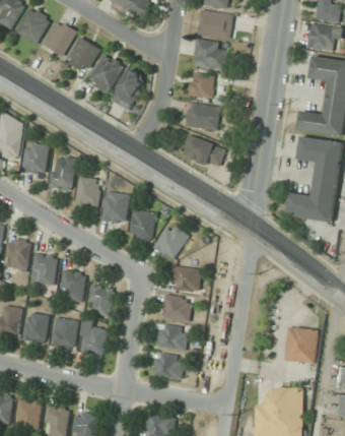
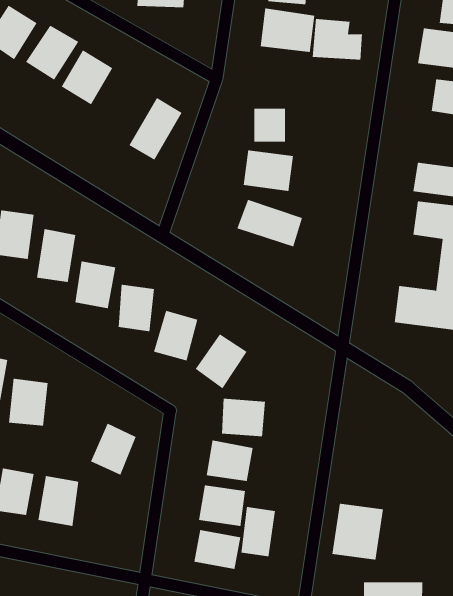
building: [193,40,226,67] -> [312,18,363,60]
building: [88,54,123,92] -> none
building: [60,270,86,302] -> none
building: [81,326,107,357] -> none
building: [284,326,319,364] -> [331,503,384,560]
building: none -> [241,506,276,557]

